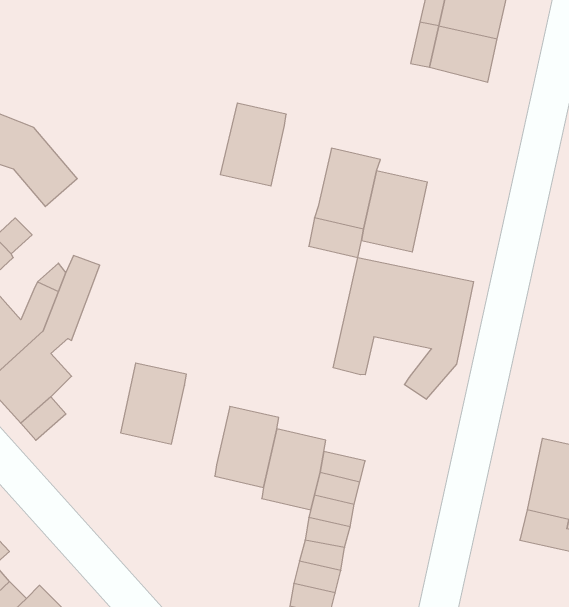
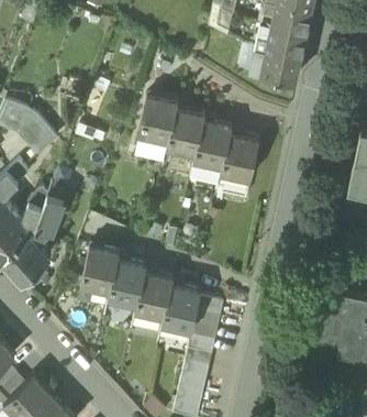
building: none -> [167,110,204,157]
building: [333,258,474,399] -> none
building: none -> [108,262,146,308]

